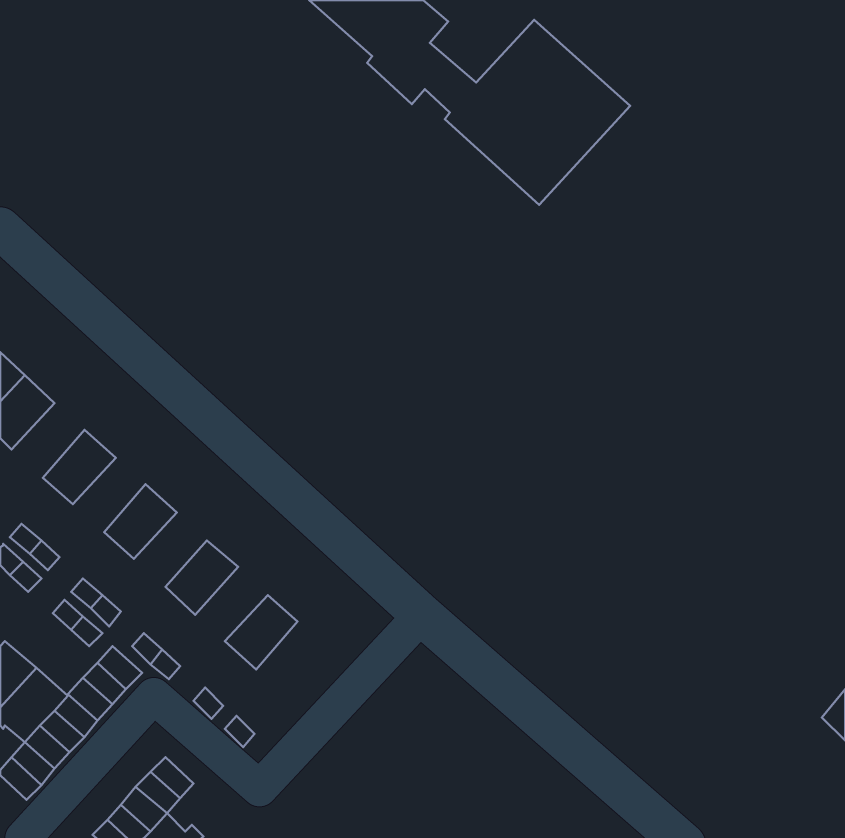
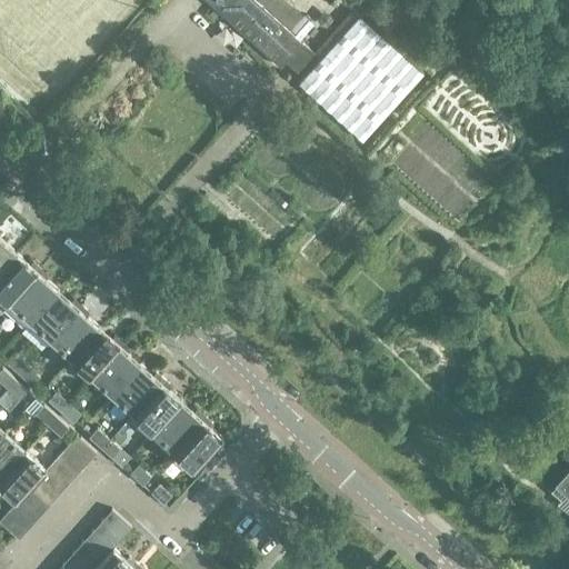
building: none -> [8,276,57,326]
building: none -> [49,312,98,362]
building: none -> [90,349,139,399]
building: none -> [131,386,180,436]
building: none -> [172,422,221,473]

